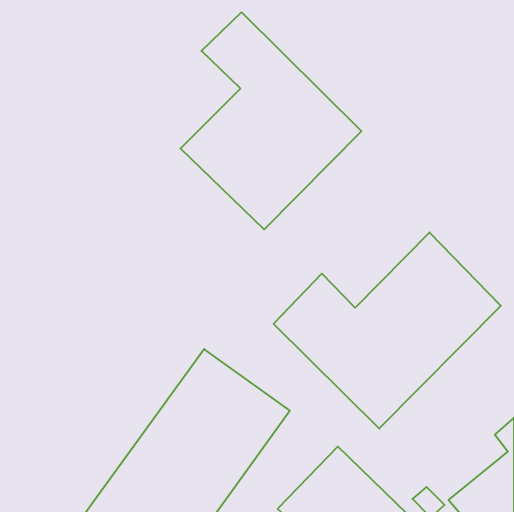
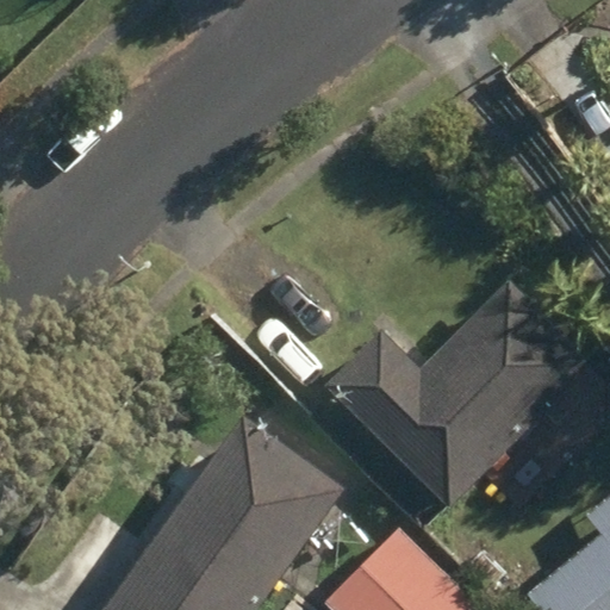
building: [180,12,361,229] -> none

